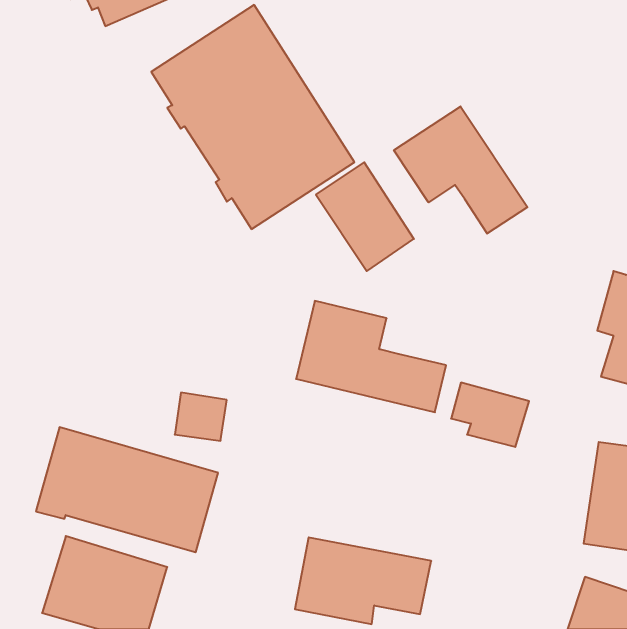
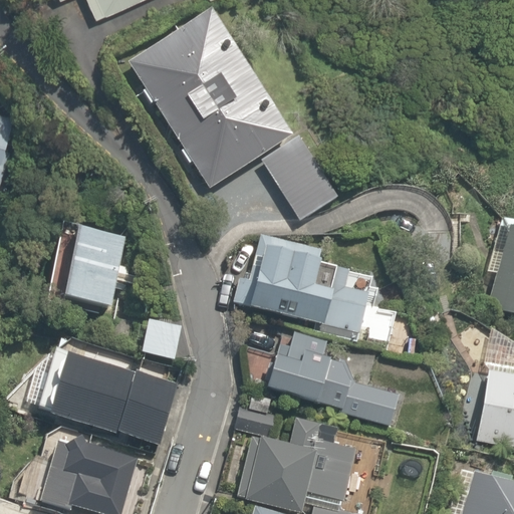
building: [394,106,527,234] -> none
building: none -> [47,226,135,306]
building: none -> [264,340,398,425]

